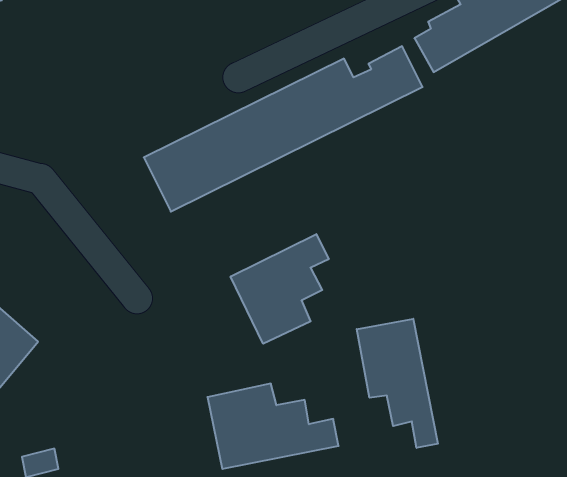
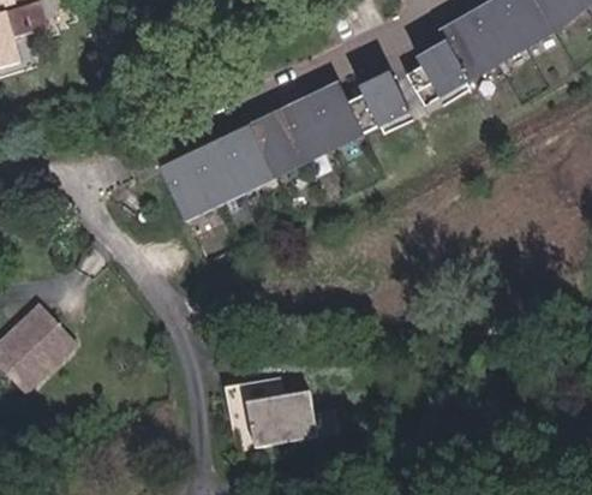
building: [231,234,329,344] -> none
building: [357,319,438,448] -> none

